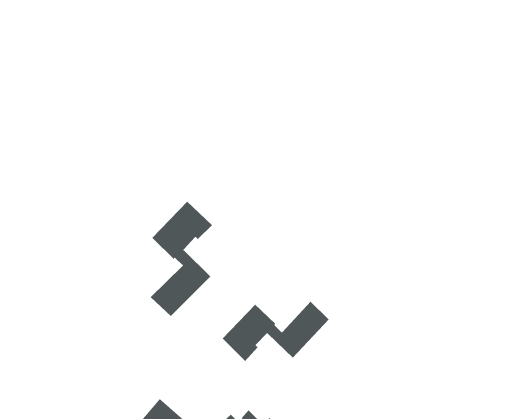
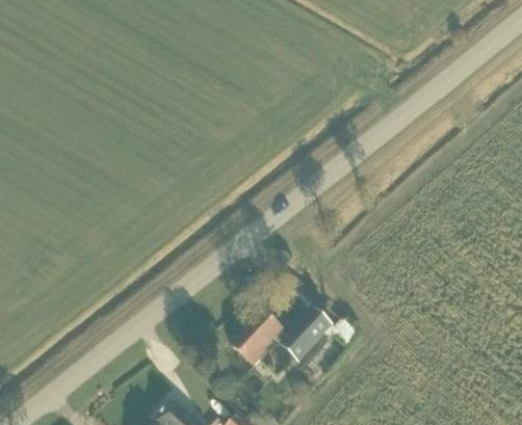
building: [150,201,213,317] -> none

